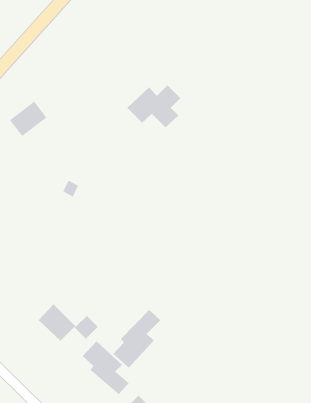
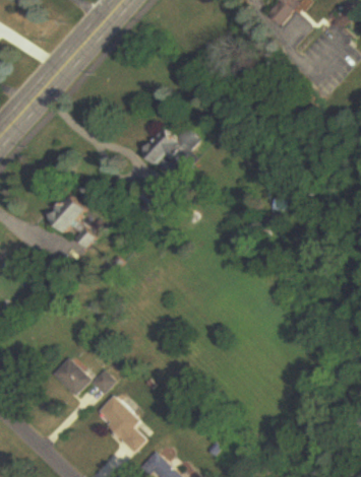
building: [9,101,47,137] -> [51,194,91,231]
building: [113,309,161,368] -> none

